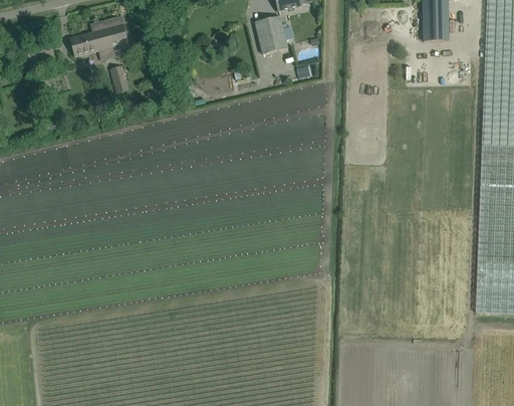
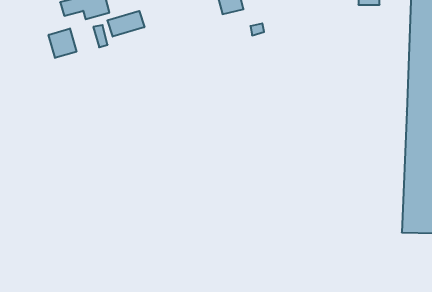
building: none -> [107,11,144,37]
building: none -> [49,28,76,58]

